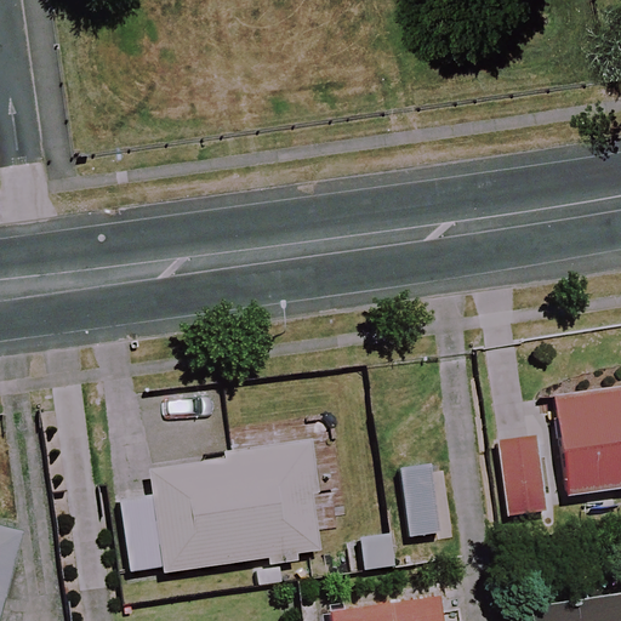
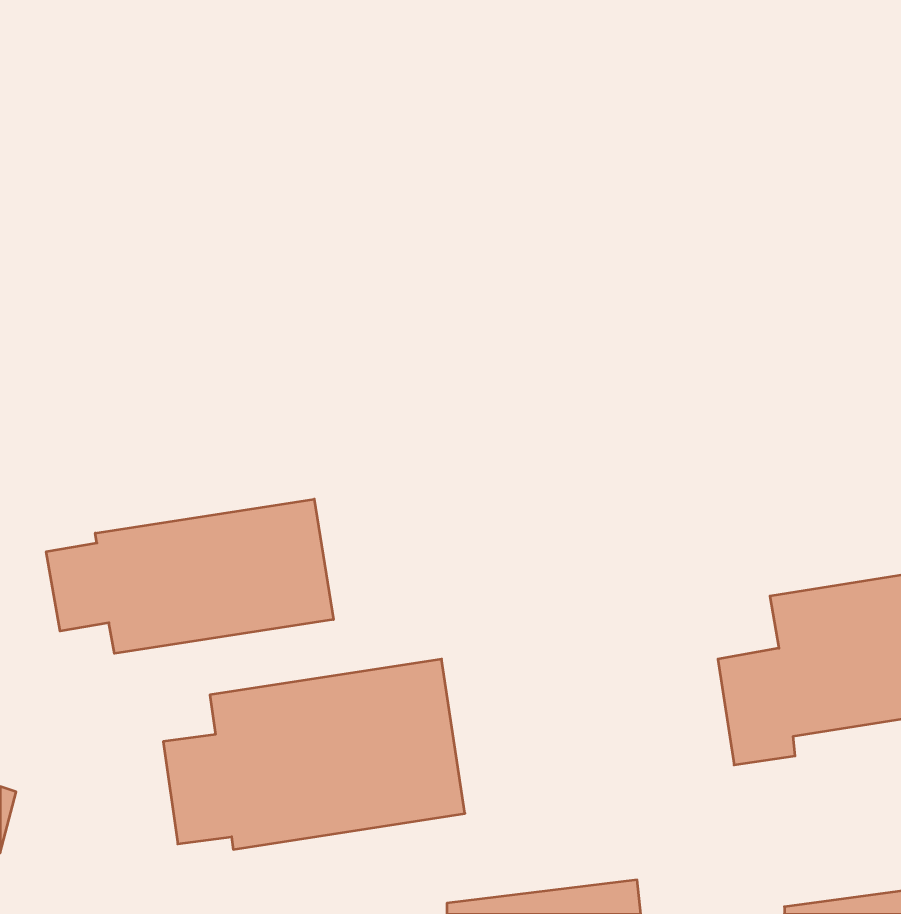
building: none -> [46,499,333,653]

